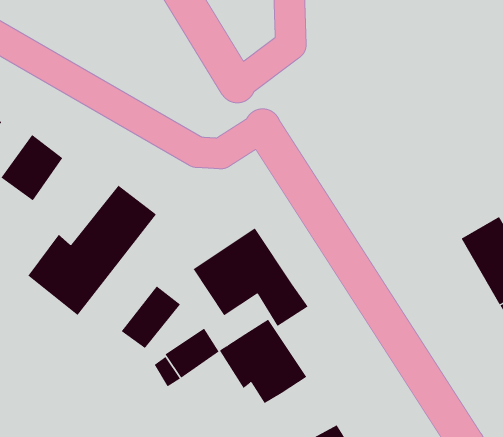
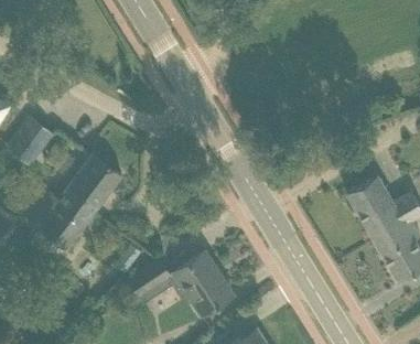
building: [193,228,309,327] -> none
building: [121,285,181,349] -> none

